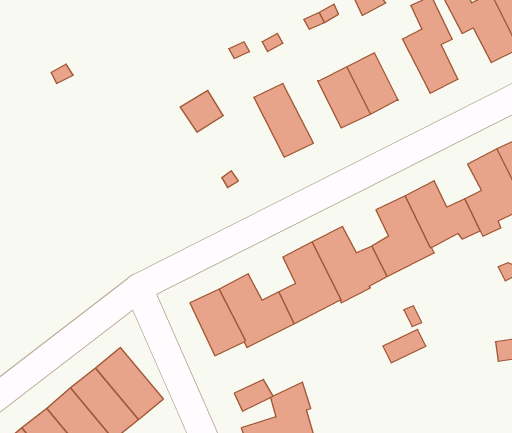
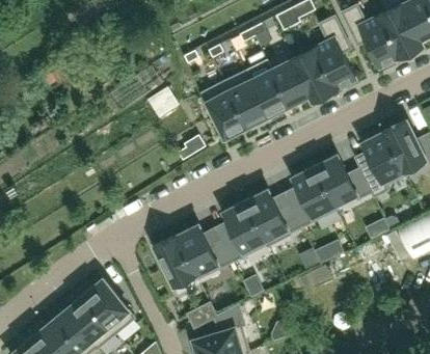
building: none -> [292,49,333,101]
building: none -> [223,71,267,127]

